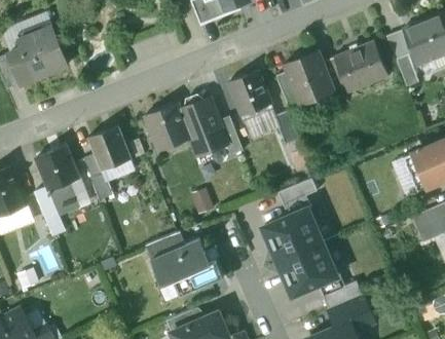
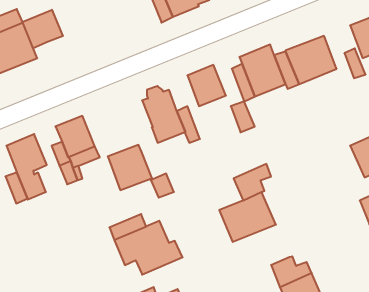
building: none -> [22,10,63,48]
building: [145,103,192,151] -> [108,145,152,190]
building: [277,242,338,297] -> none

